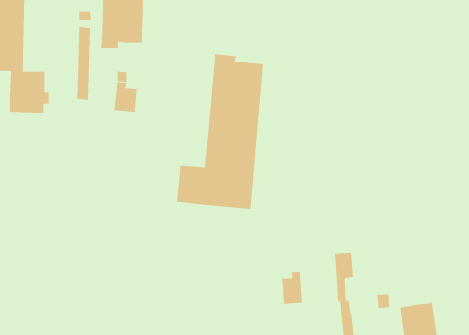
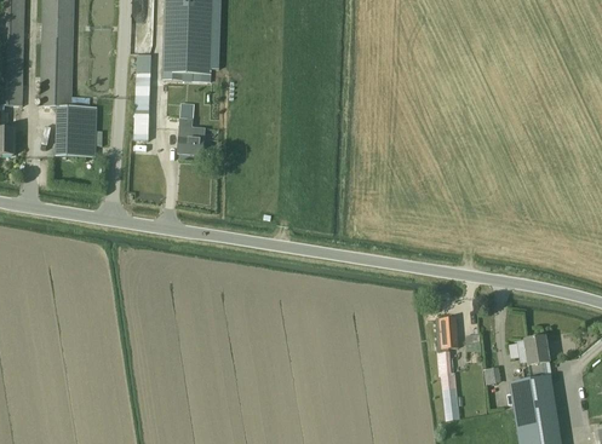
building: [176,53,264,210] -> none
building: none -> [518,334,550,377]
building: [282,271,303,304] -> none

